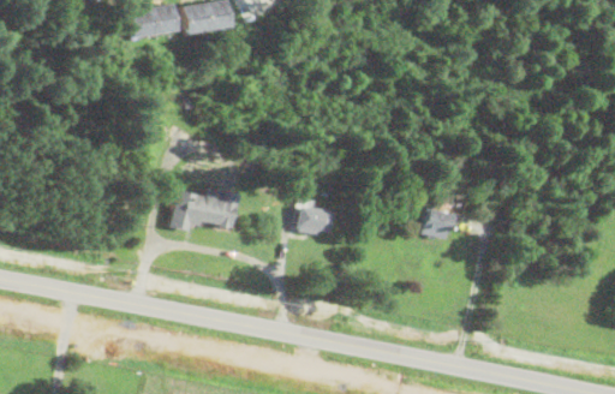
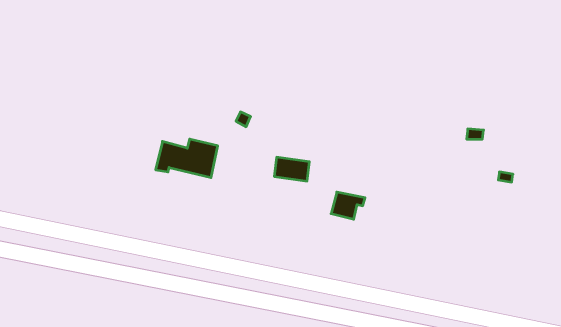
building: [420,210,456,239] -> [331,192,365,219]

